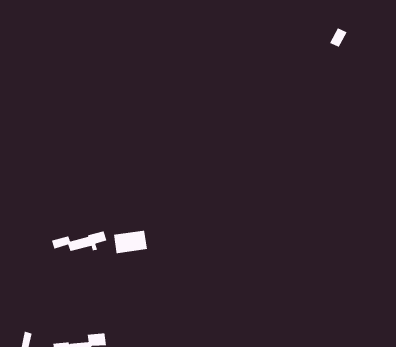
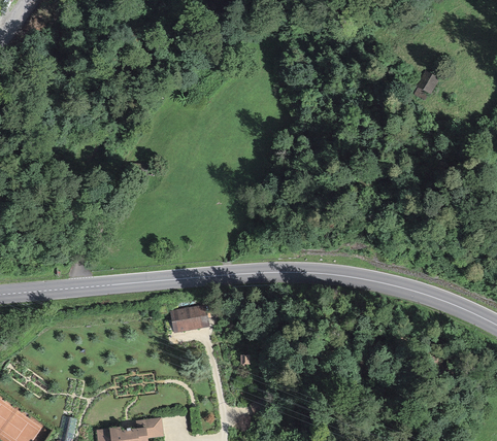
building: [51,230,107,252] -> none

